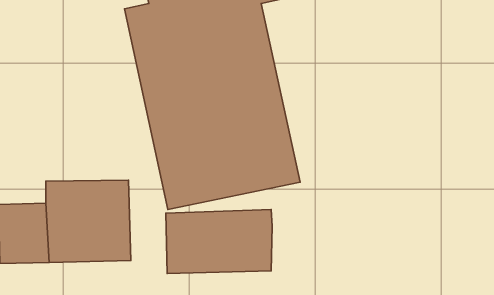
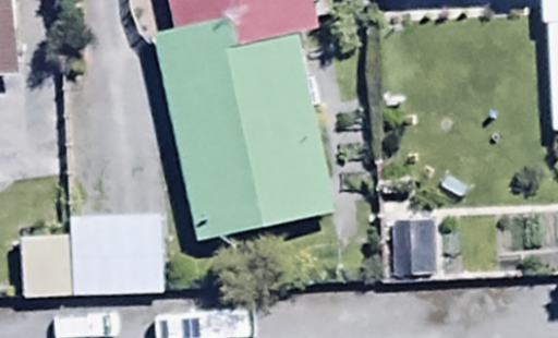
building: [166,209,272,274] -> none

